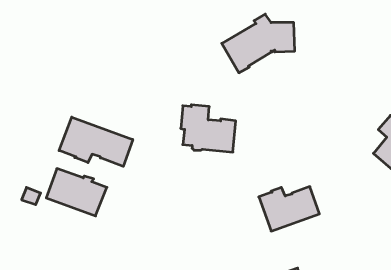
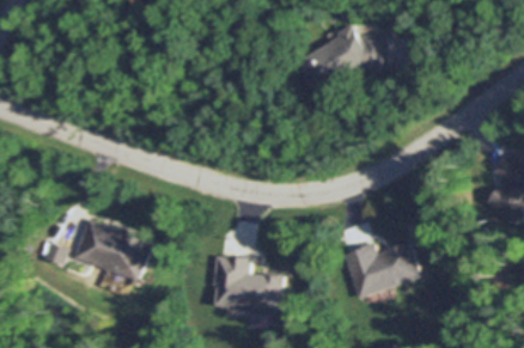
building: [181,105,236,152] -> [213,256,282,316]
building: [59,117,133,166] -> none

